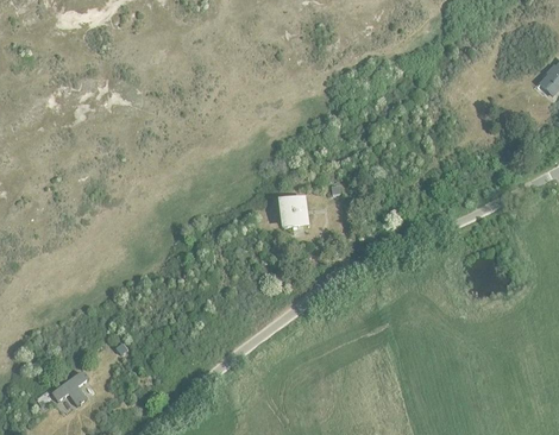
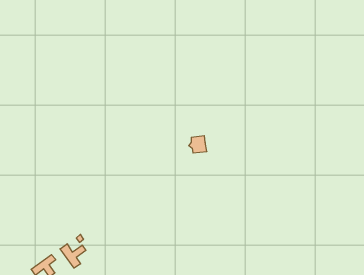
building: none -> [60,244,86,268]

